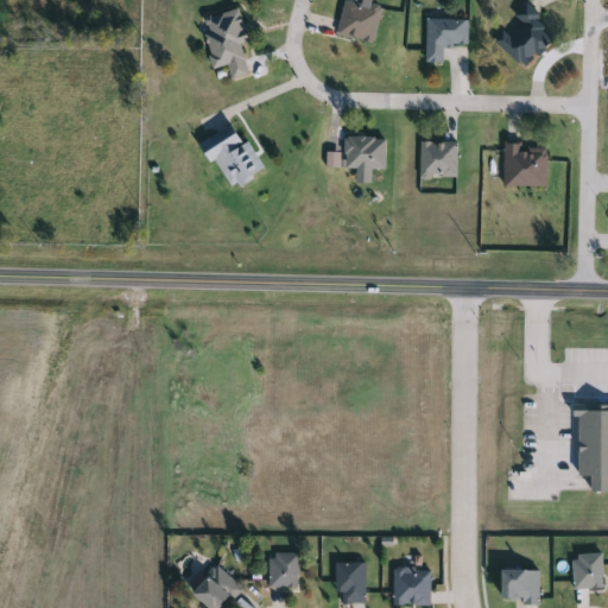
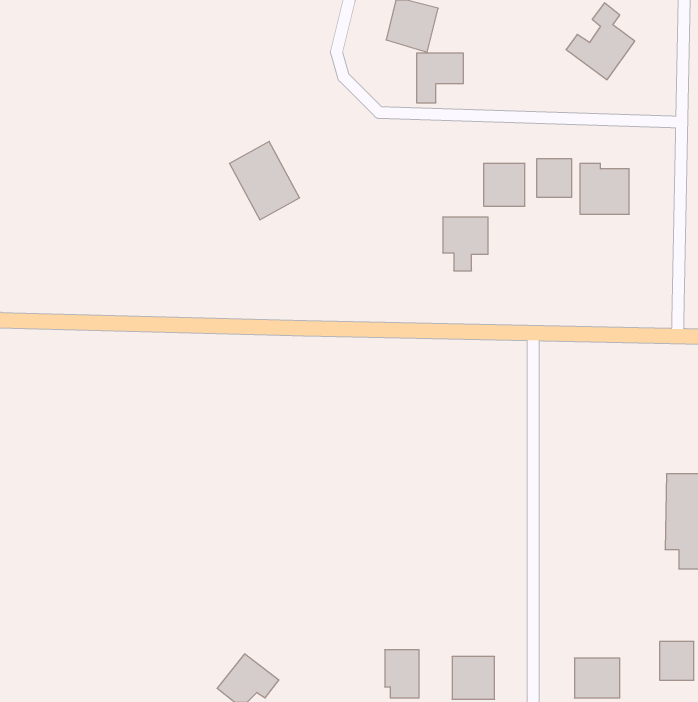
building: [202,8,251,80] -> none
building: [428,19,468,62] -> [417,53,463,103]
building: [347,137,386,183] -> [443,217,488,271]
building: none -> [537,159,572,197]
building: [270,552,299,587] -> none

